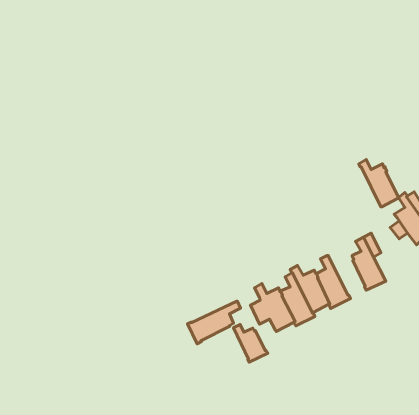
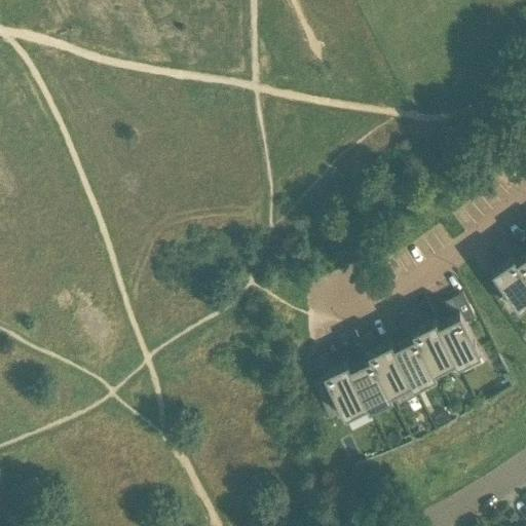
building: [359,160,398,207] -> [409,317,458,376]
building: [187,301,241,344] -> none
building: [233,324,268,362] -> none

